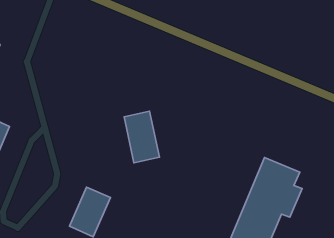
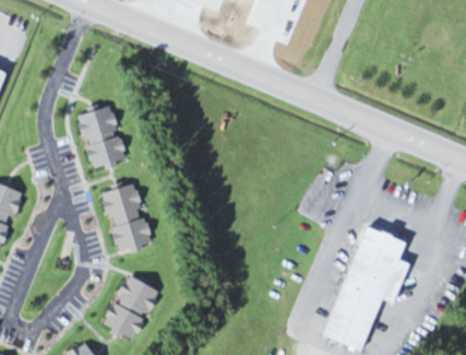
building: none -> [77,102,127,166]
building: [124,111,159,163] -> [103,180,150,249]

